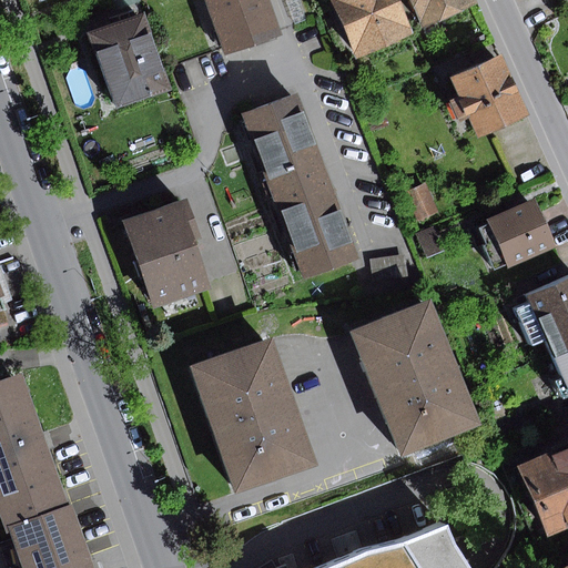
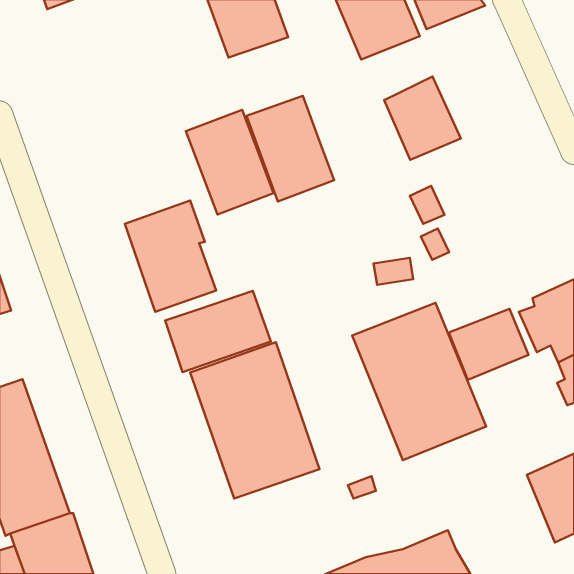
building: [79,12,180,120] -> none
building: [453,57,528,139] -> [384,77,461,160]
building: [274,178,361,281] -> [186,110,274,215]
building: [476,200,555,270] -> [449,309,529,380]
building: none -> [165,291,271,372]

